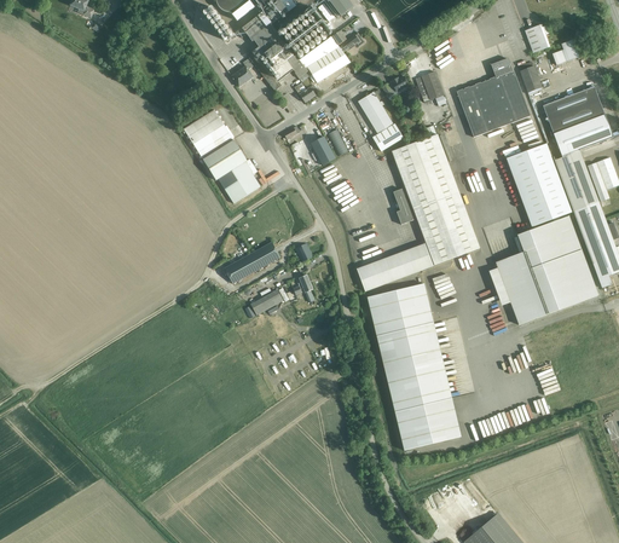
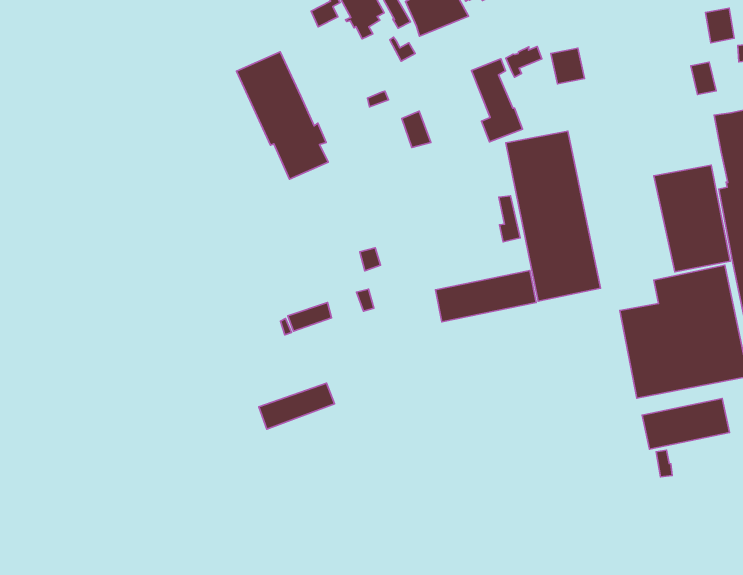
building: [457,59,530,137] -> none
building: [225,242,280,283] -> [259,383,334,429]
building: [368,283,461,450] -> none
building: none -> [642,398,730,449]

